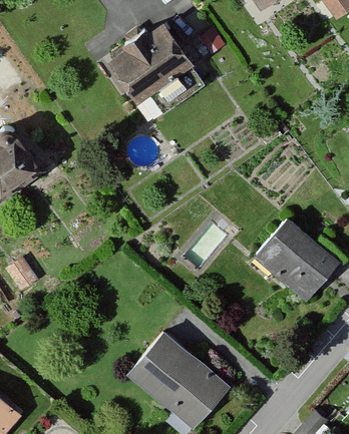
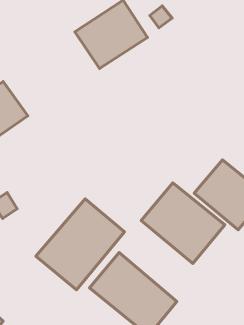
building: none -> [141,183,225,264]
building: none -> [36,199,125,290]

